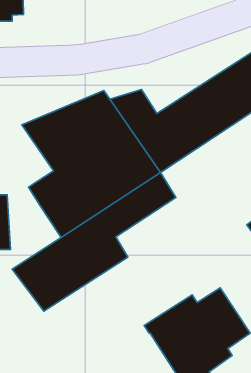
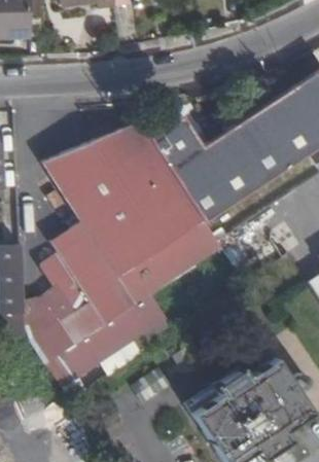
building: none -> [26,258,86,335]

